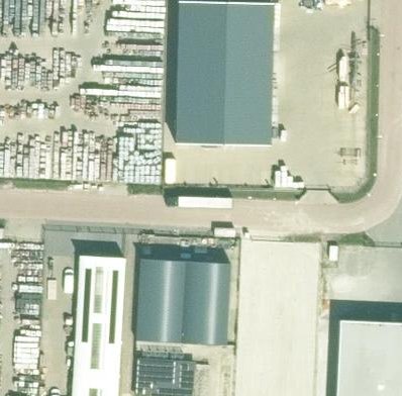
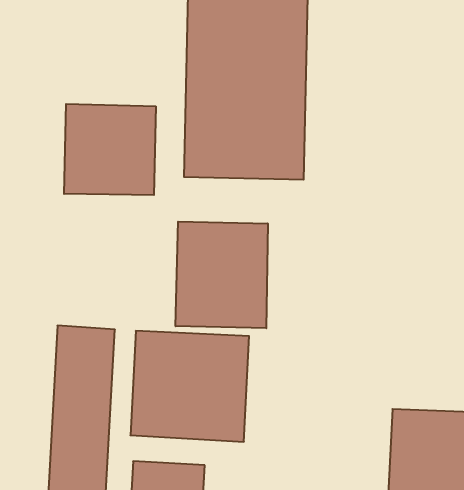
building: none -> [64,104,156,195]
building: none -> [176,222,268,328]

